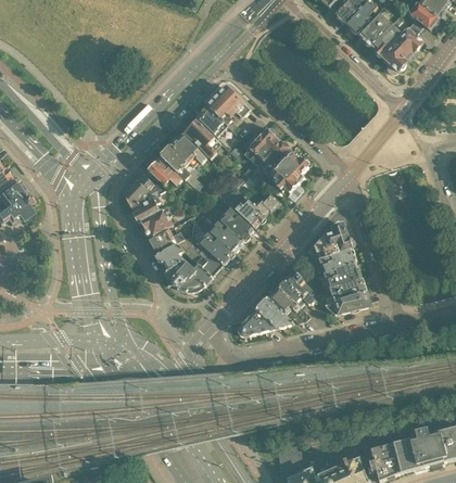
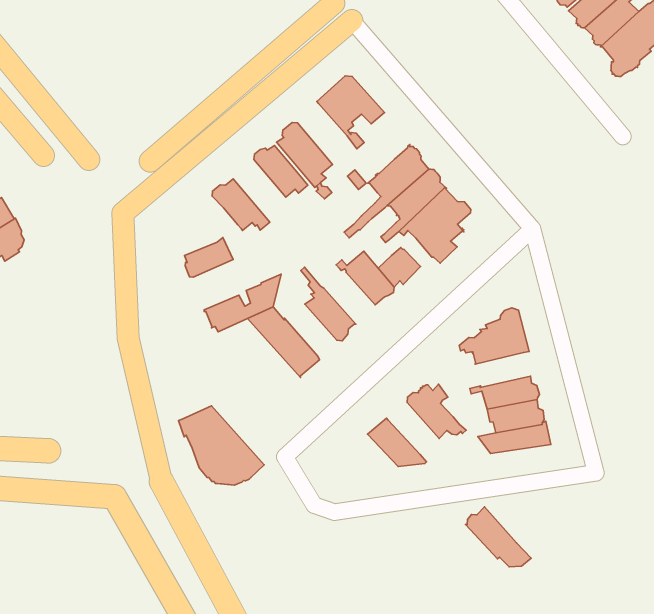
building: [197,105,228,136] -> none
building: [161,143,203,189] -> none
building: [124,173,167,205] -> none
building: [218,201,253,240] -> none
building: [140,204,174,234] -> none
building: [199,221,232,262] -> none
building: [156,242,212,290] -> [179,406,264,485]
building: [313,249,355,272] -> none
building: [268,285,311,321] -> [465,507,531,567]
building: [238,307,277,334] -> none

